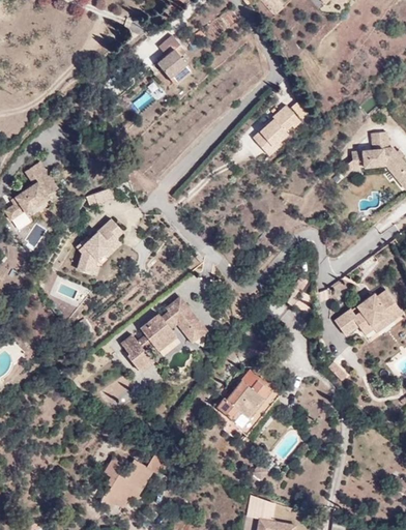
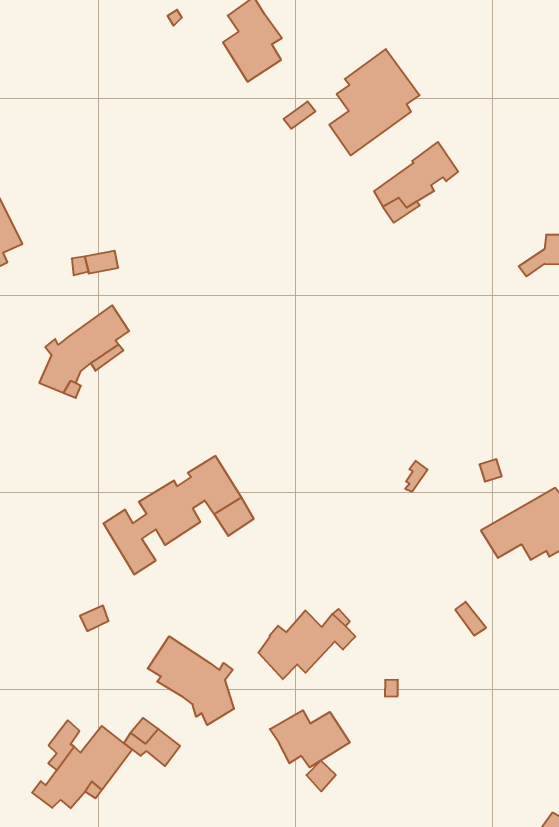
building: none -> [329,49,420,155]
building: none -> [148,636,234,725]
building: none -> [270,710,350,767]

